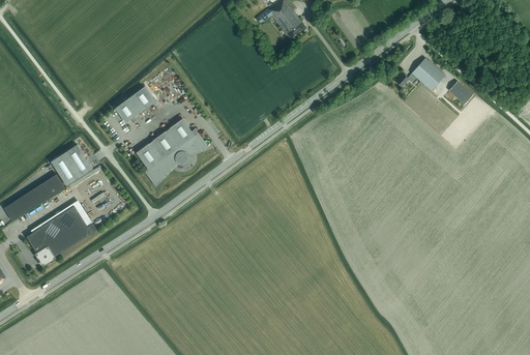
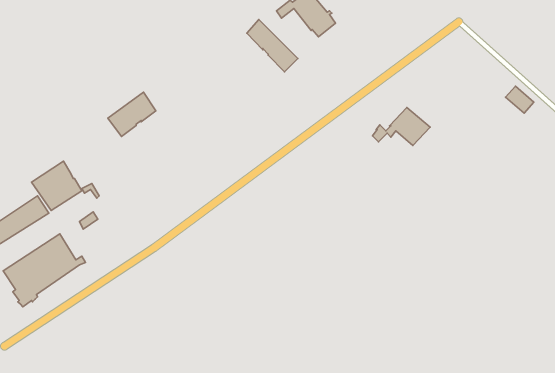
building: none -> [247,19,298,72]
building: [396,58,445,90] -> [372,107,430,146]
building: [136,118,207,184] -> none

